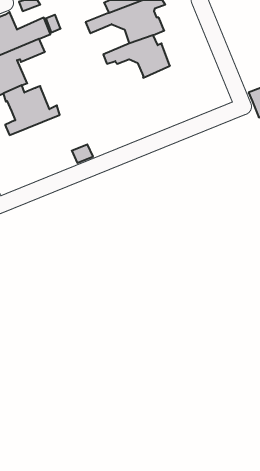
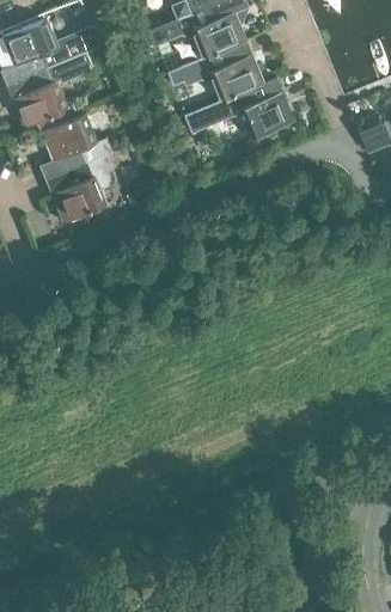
building: none -> [183,79,294,139]
building: none -> [45,151,115,221]

